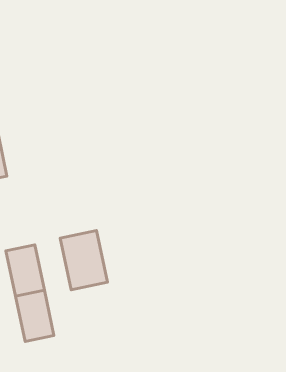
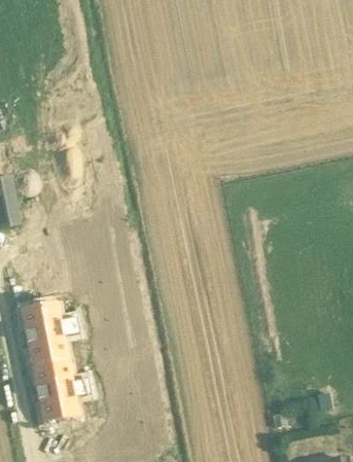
building: [60,231,108,290] -> none

